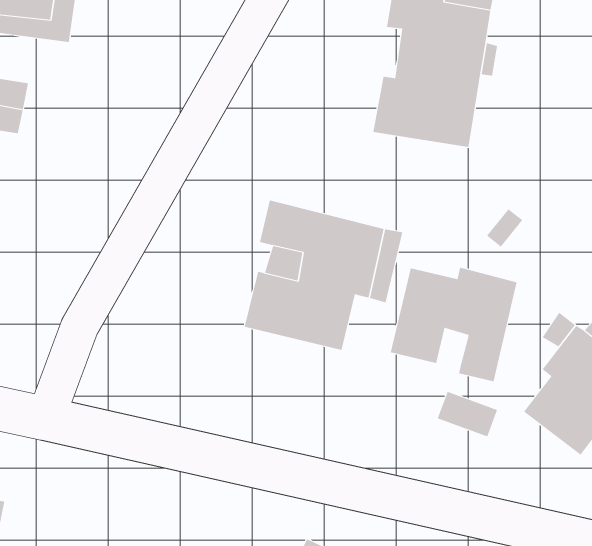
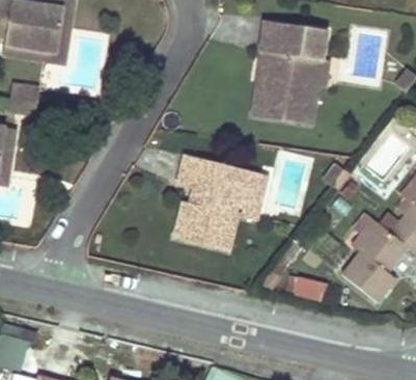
building: [390,267,517,382] -> none

